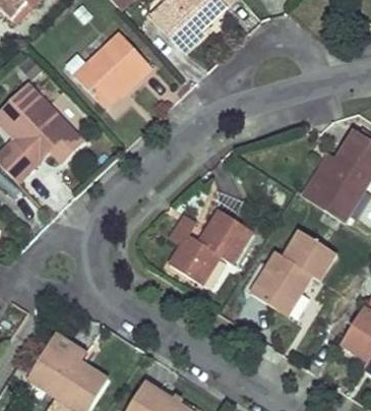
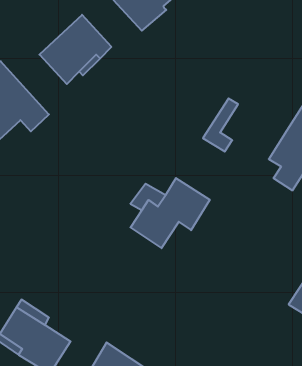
building: [300,151,337,208] -> [203,98,238,152]
building: [250,231,338,316] -> none

